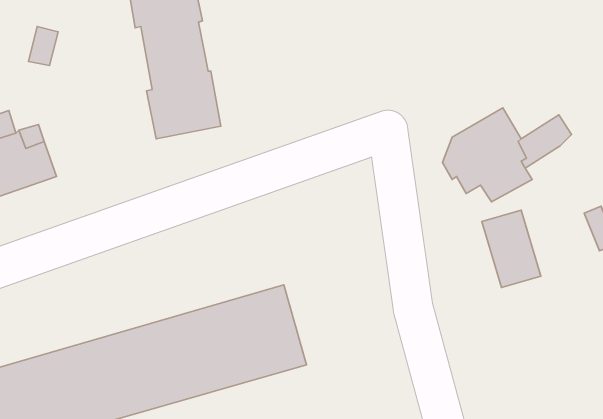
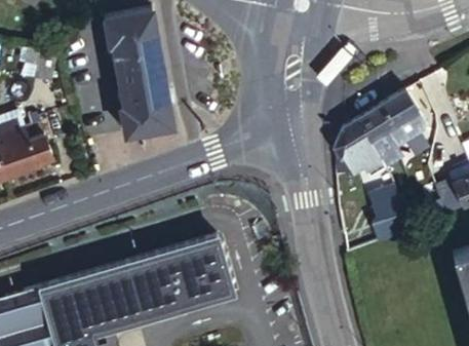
building: none -> [378,92,419,132]

